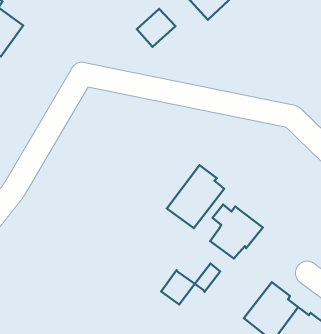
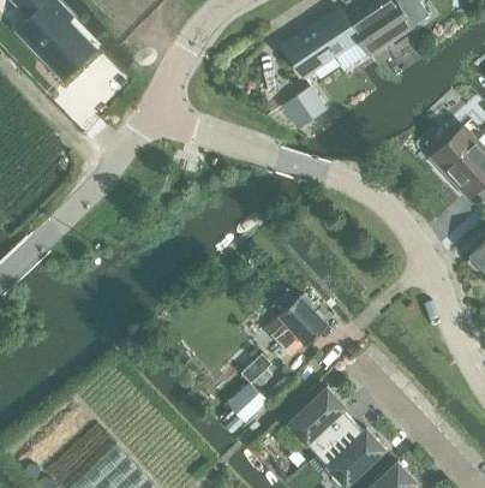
building: [137,9,176,47] -> [282,88,327,130]
building: [167,165,224,228] -> none
building: [161,270,195,304] -> [227,383,267,423]

